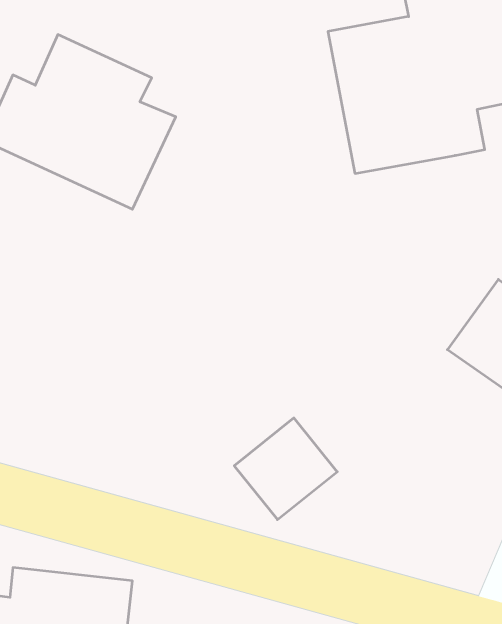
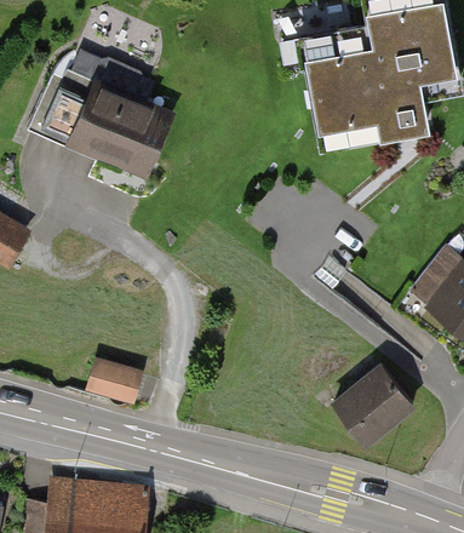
building: [234,418,337,520] -> [336,369,419,452]
building: none -> [84,356,141,402]

